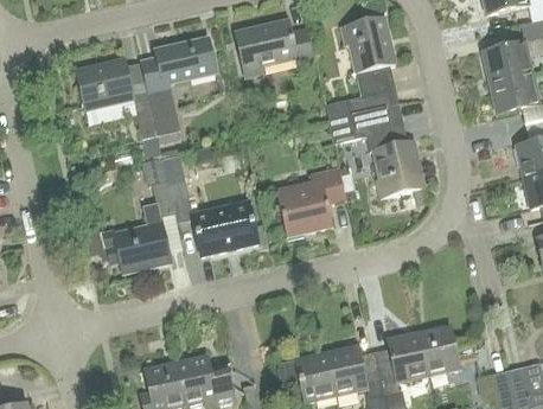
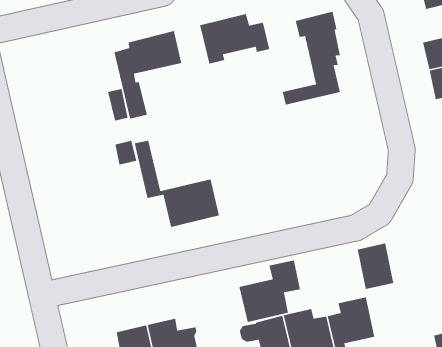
building: [76,57,134,109] -> none
building: [330,104,424,197] -> none
building: [277,166,346,236] -> [239,260,301,323]
building: [101,184,173,274] -> none
building: [420,324,461,376] -> [357,243,394,290]

